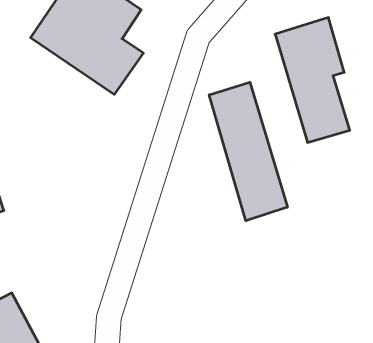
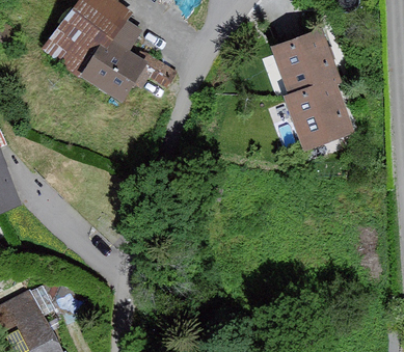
building: [209,82,287,221] -> none

